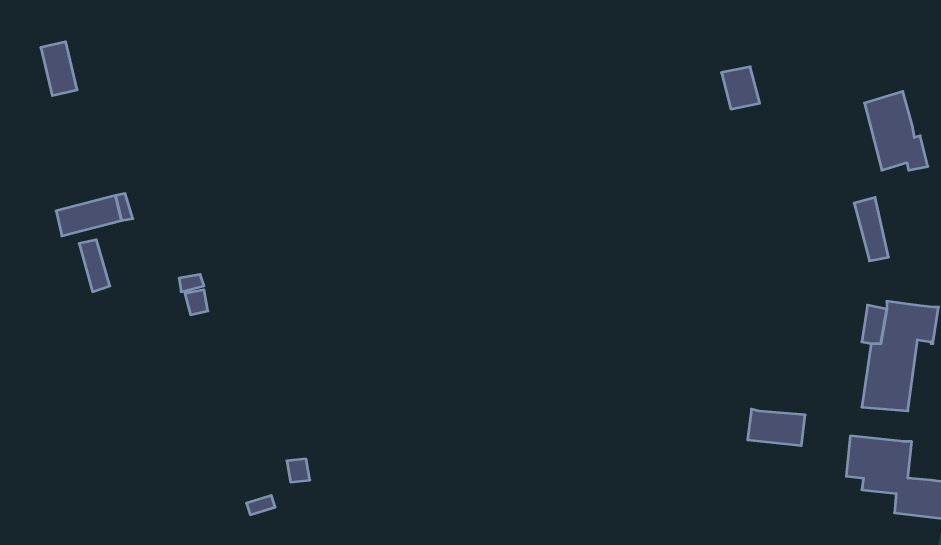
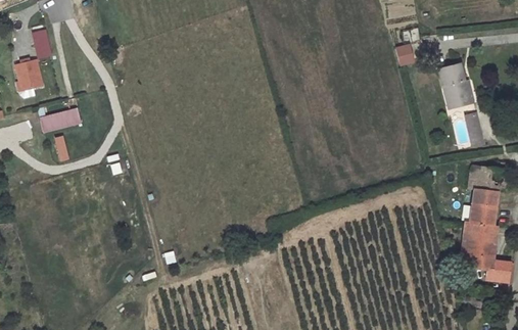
building: [864,91,928,170] -> [439,62,473,104]
building: none -> [15,58,43,97]
building: [748,409,805,446] -> [463,222,493,241]

